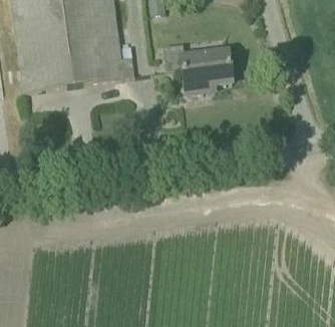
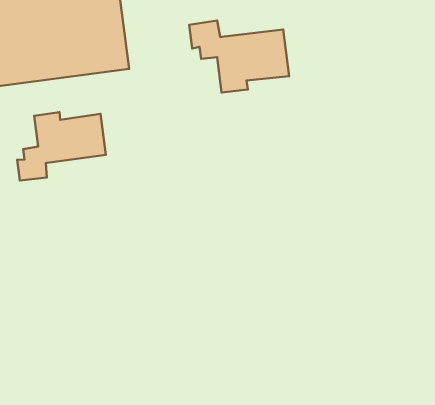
building: none -> [17,112,106,180]

